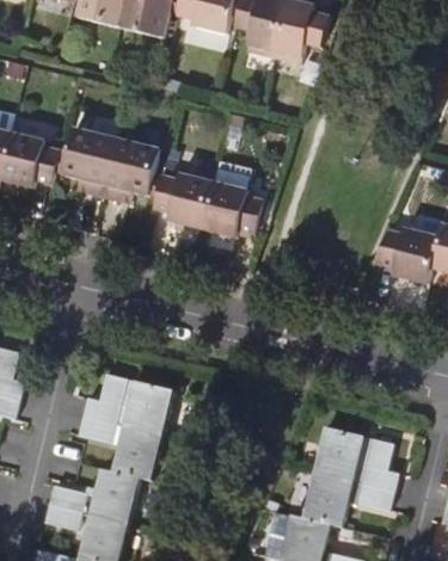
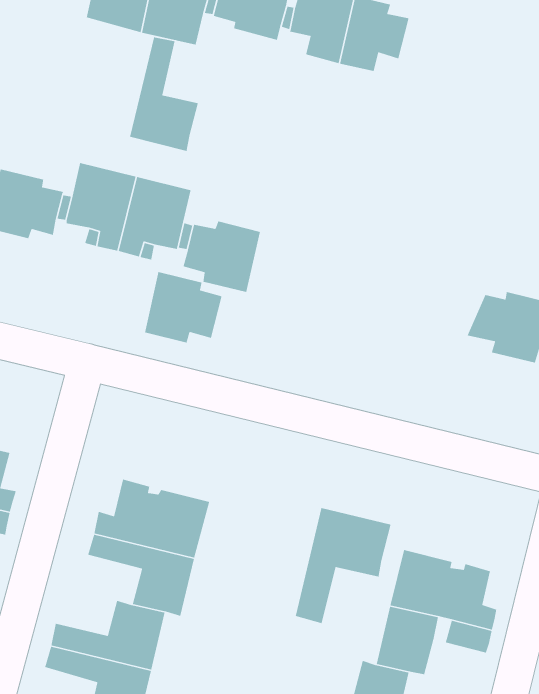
building: none -> [129,37,199,152]
building: [202,180,263,236] -> [144,271,222,343]
building: none -> [295,507,391,624]

